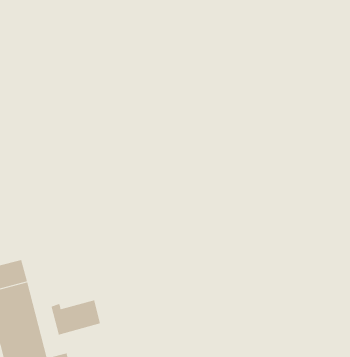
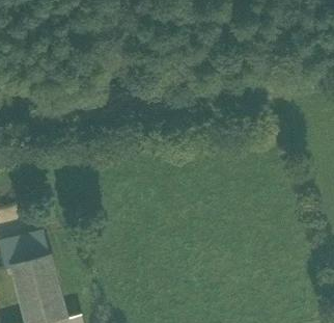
building: [51,300,101,336] -> none

